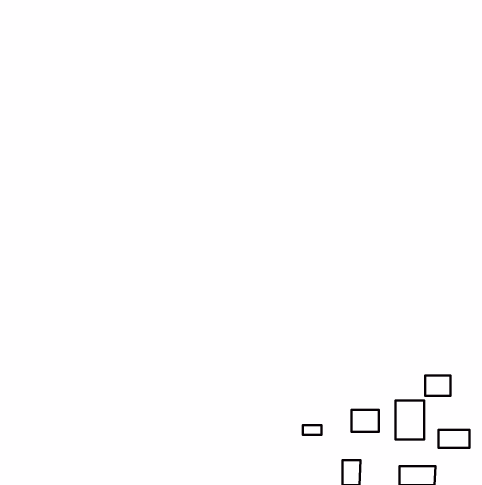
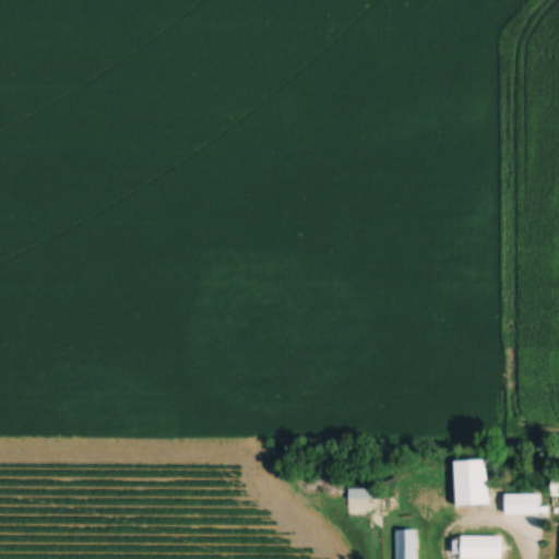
building: [425,376,451,396] -> none
building: [351,410,379,432] -> none

